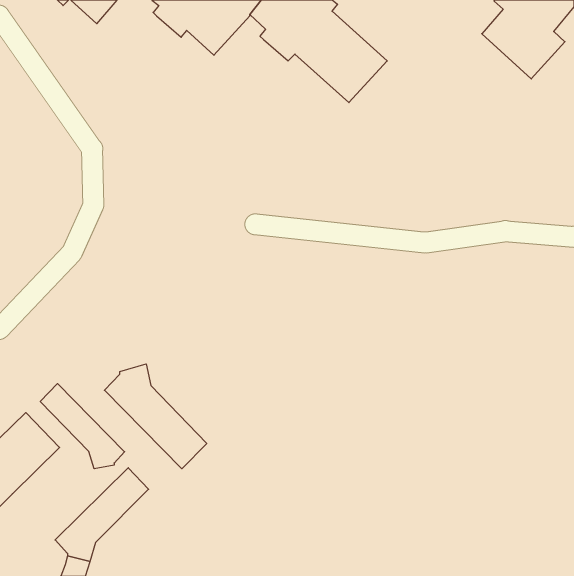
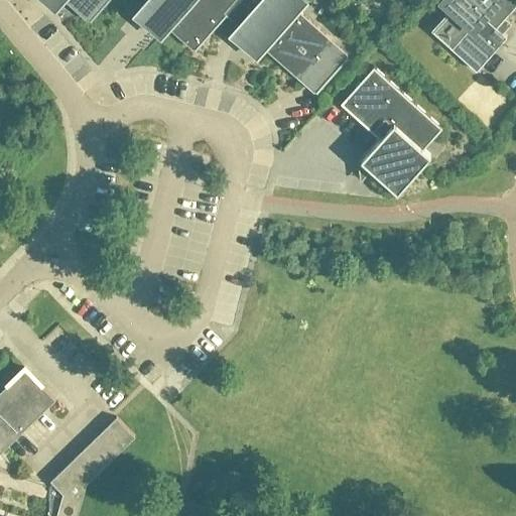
building: none -> [340,67,442,194]
building: [104,364,207,469] -> none
building: [40,384,125,469] -> none

